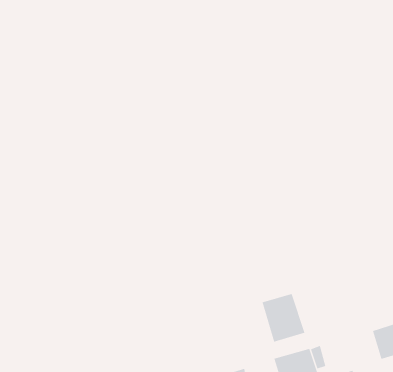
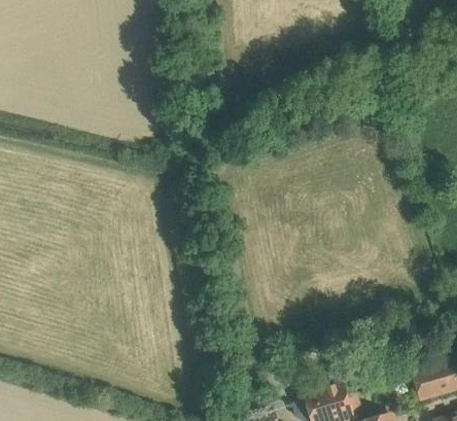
building: [262,293,305,343] -> none

